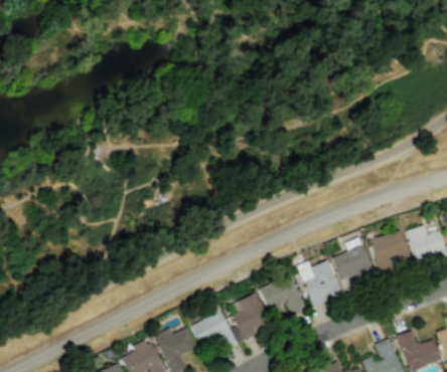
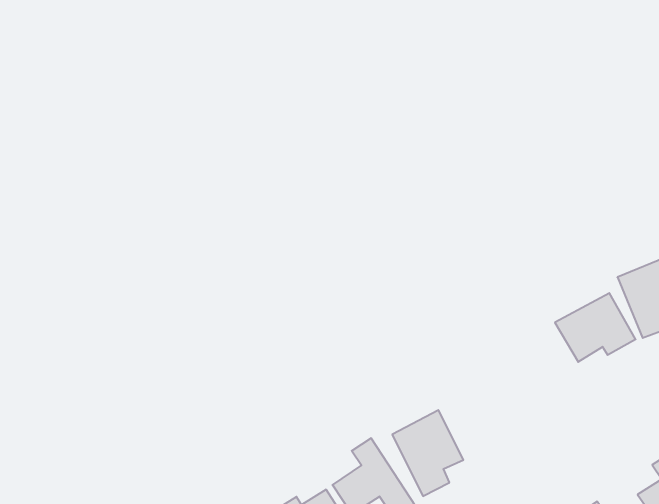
building: [299,259,341,307] -> none
building: [260,274,306,316] -> none

